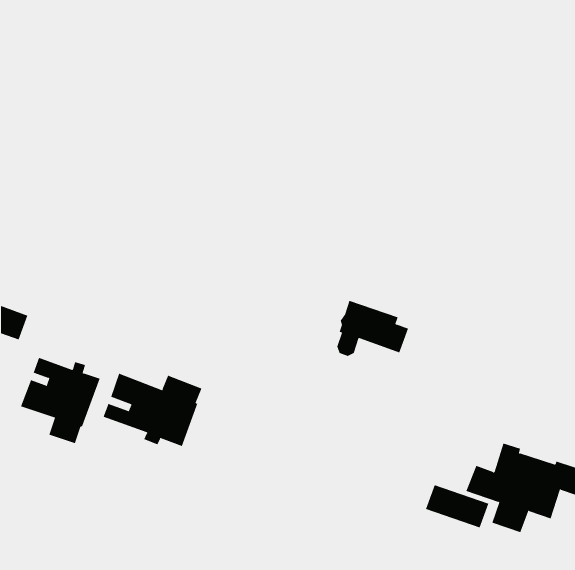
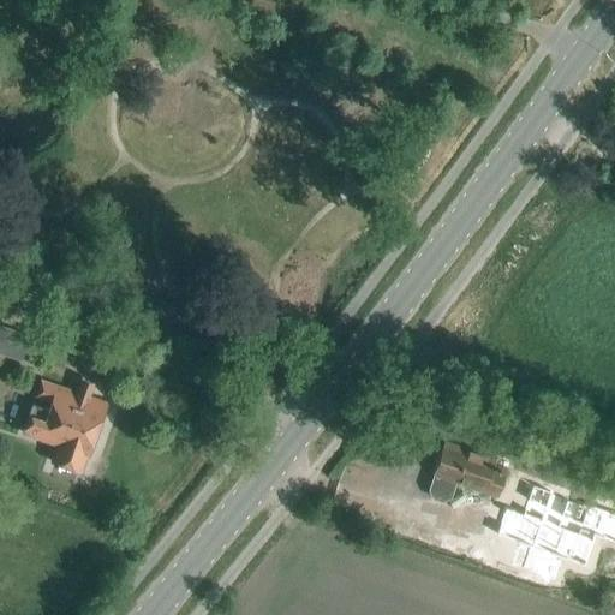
building: [337,300,409,357] -> [431,448,508,508]
building: [103,373,202,447] -> none

